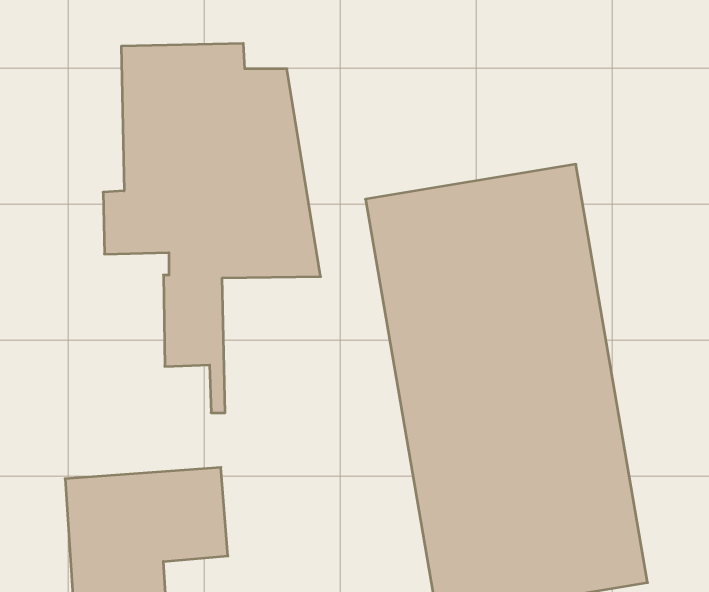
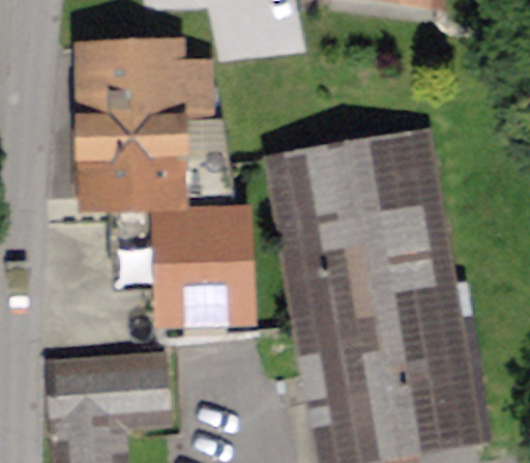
building: none -> [165,210,239,312]

